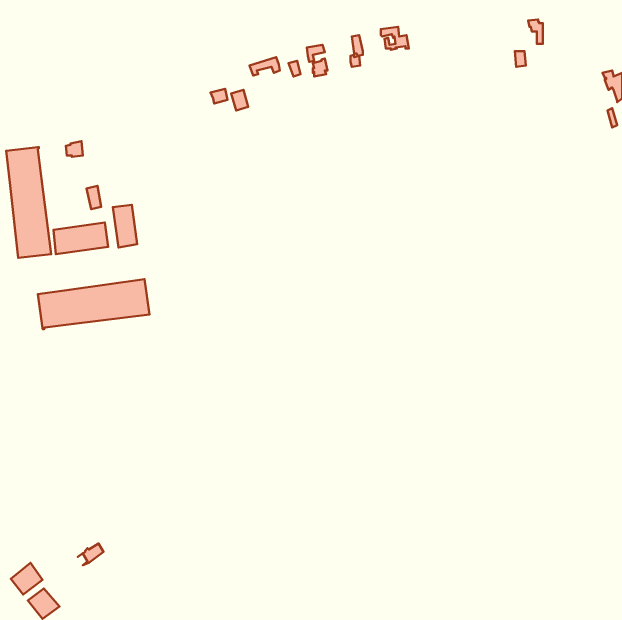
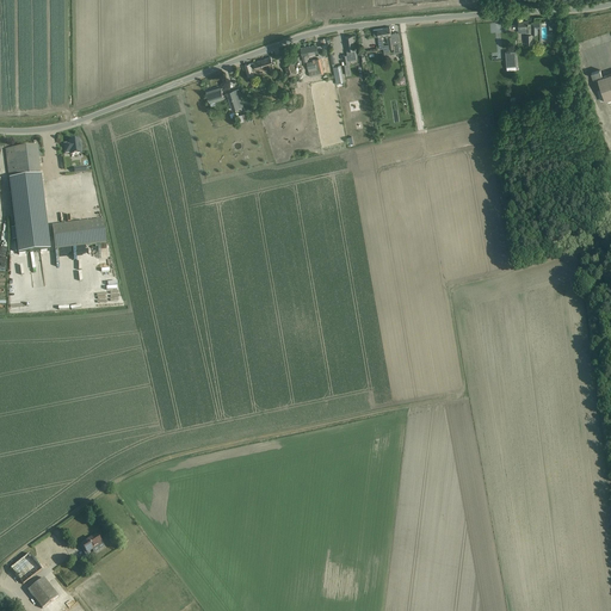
building: [113,205,137,248] -> none
building: [38,279,149,329] -> none

